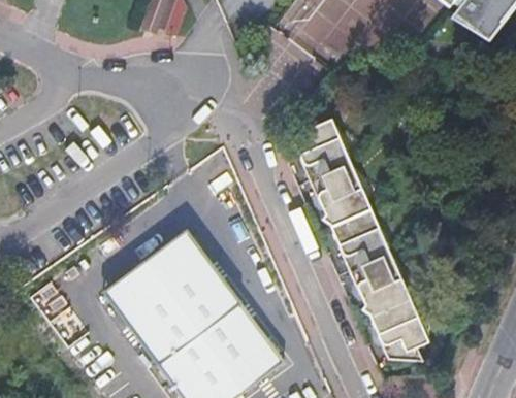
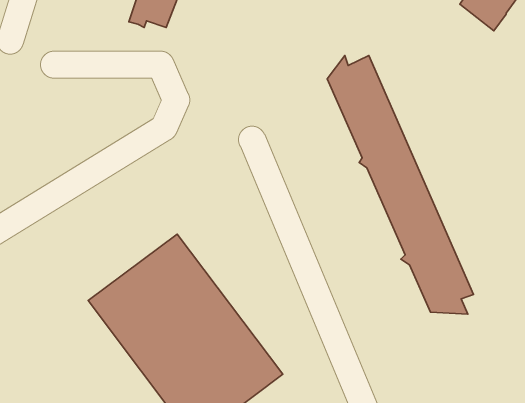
building: [291,120,428,362] -> [327,56,473,314]

